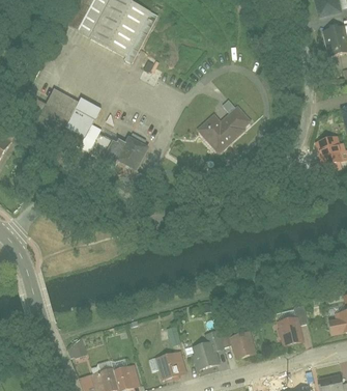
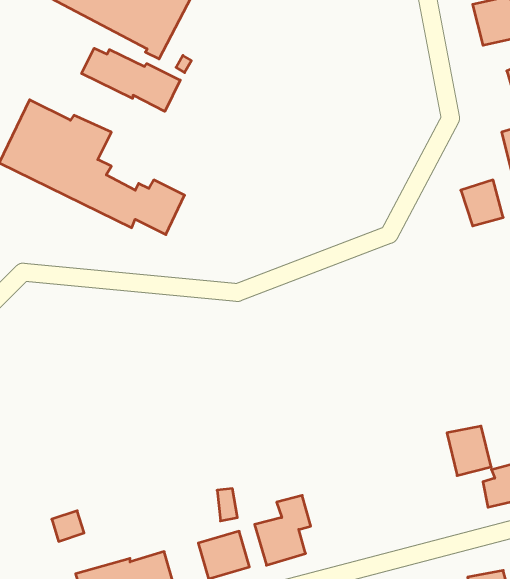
building: none -> [82,48,180,111]
building: [195,105,252,156] -> none
building: [277,316,303,346] -> [447,426,491,476]
building: [228,329,257,360] -> none

